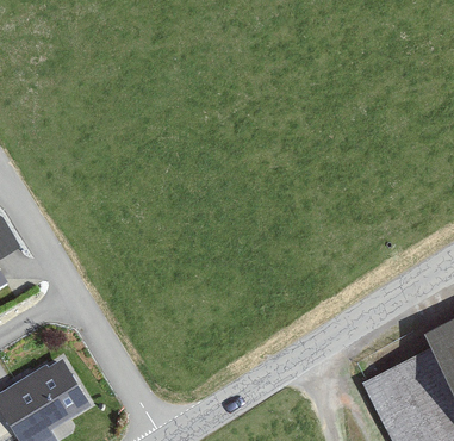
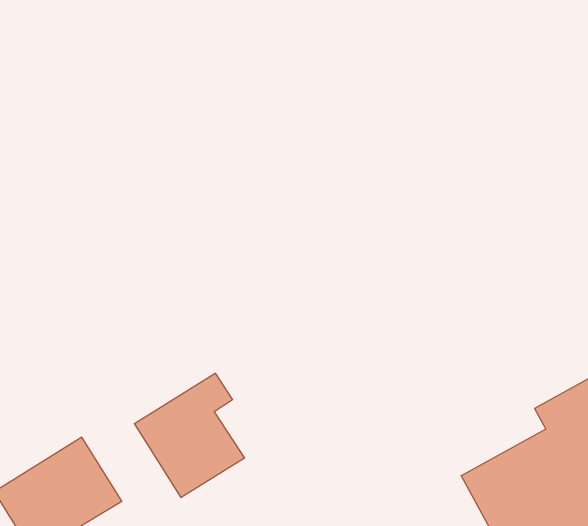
building: none -> [134,373,245,498]

